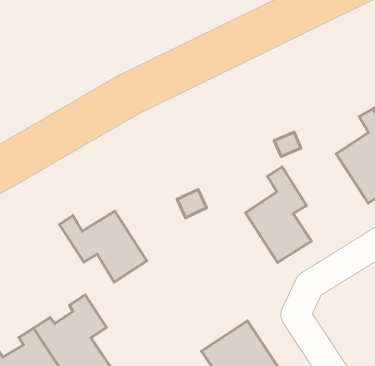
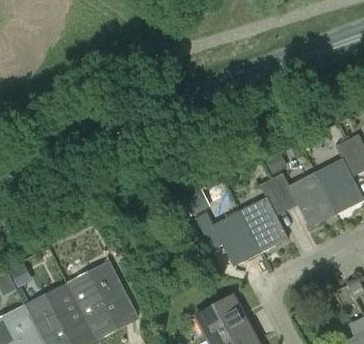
building: none -> [273,172,337,227]
building: [60,211,147,282] -> [197,211,262,266]

